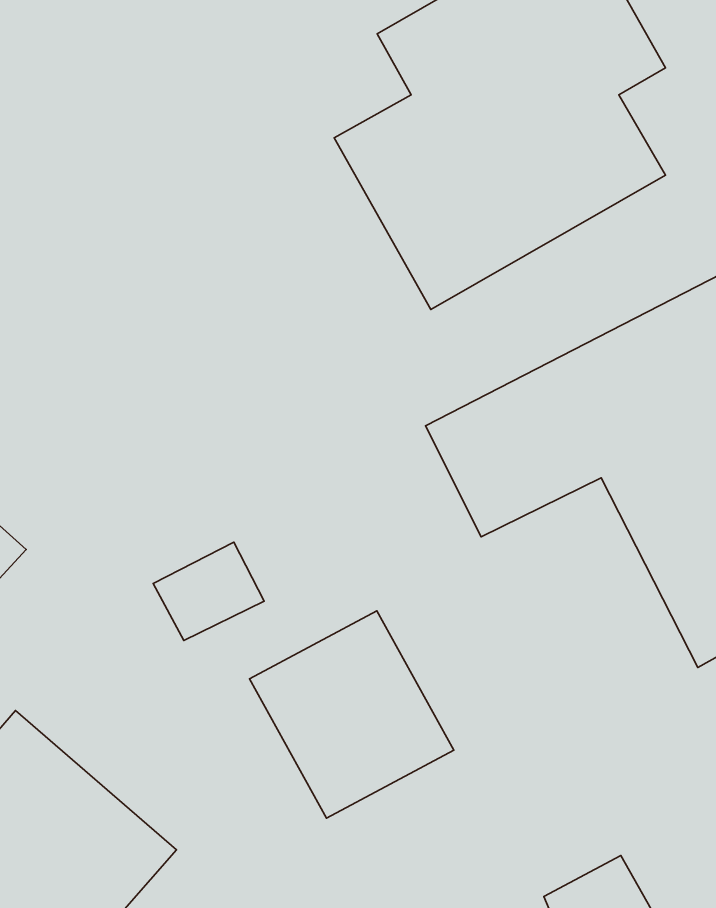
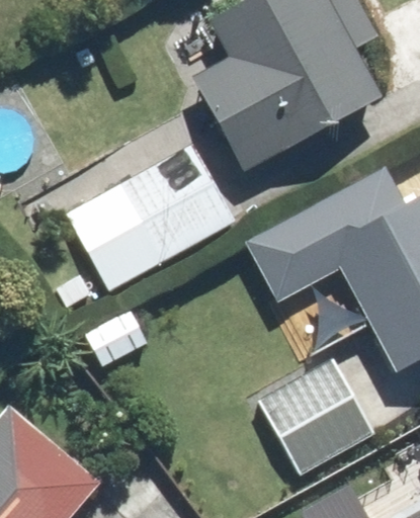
building: none -> [65,143,239,293]
building: [250,611,454,818] -> [259,356,374,473]

